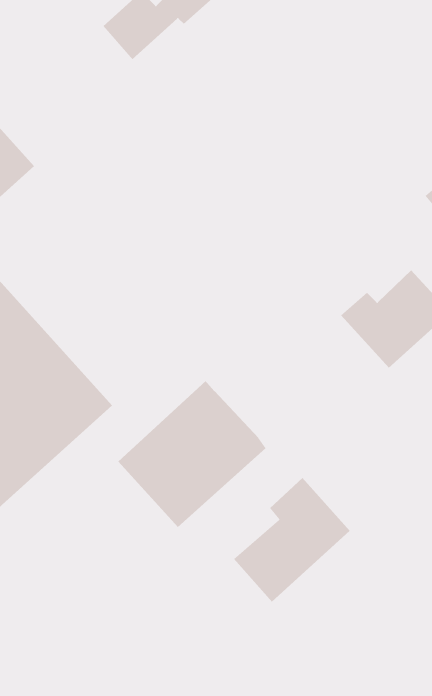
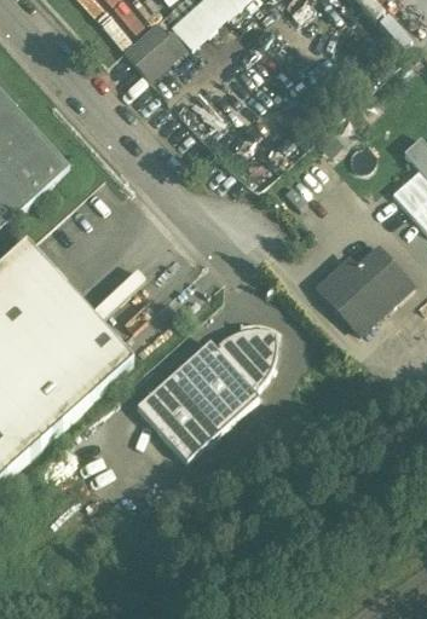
building: none -> [217,328,277,387]
building: [233,477,351,603] -> none

